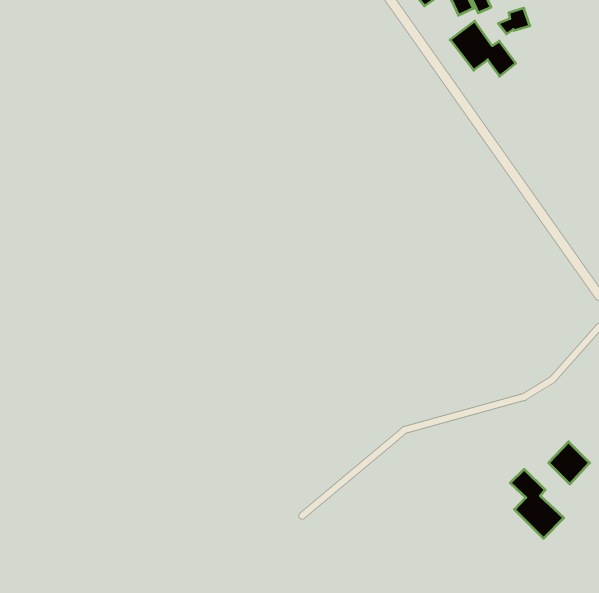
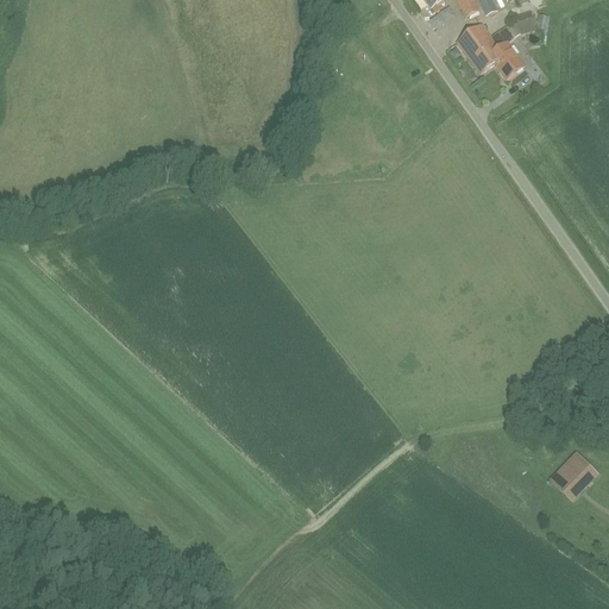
building: [510,469,564,538] -> none

